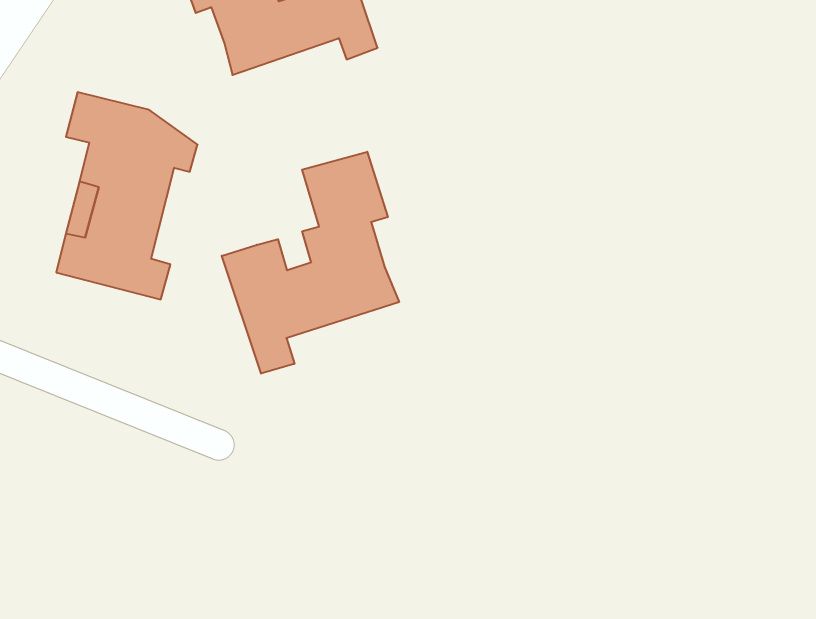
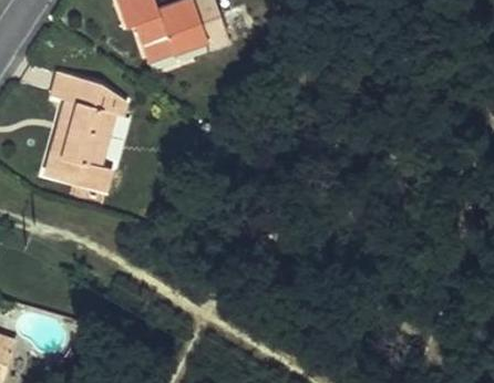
building: [222,152,399,374] -> none

